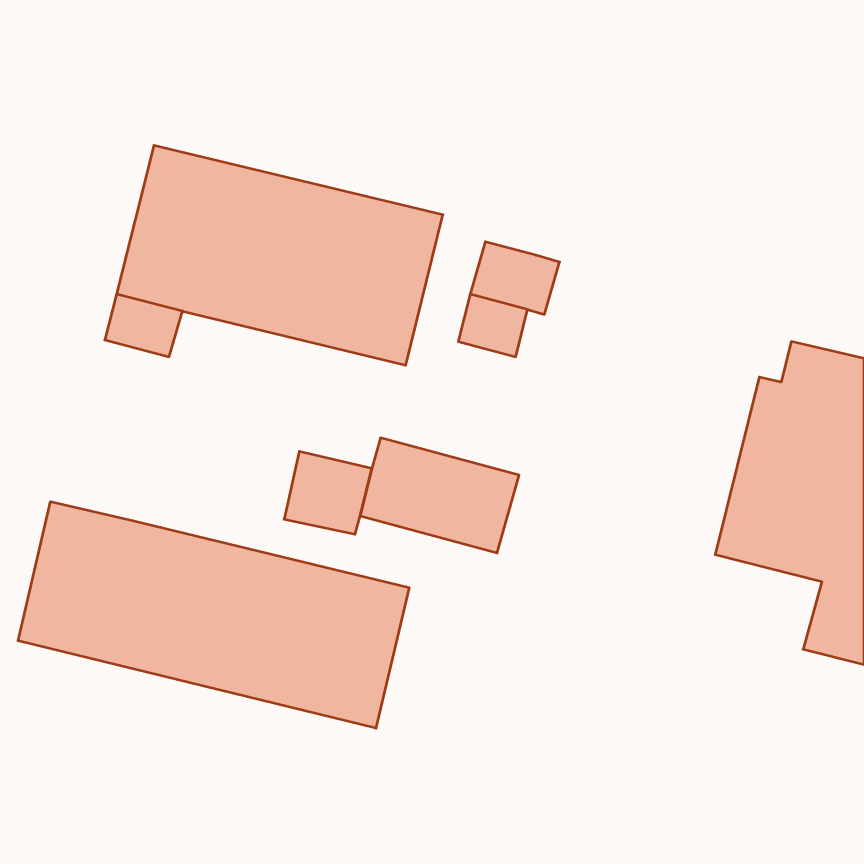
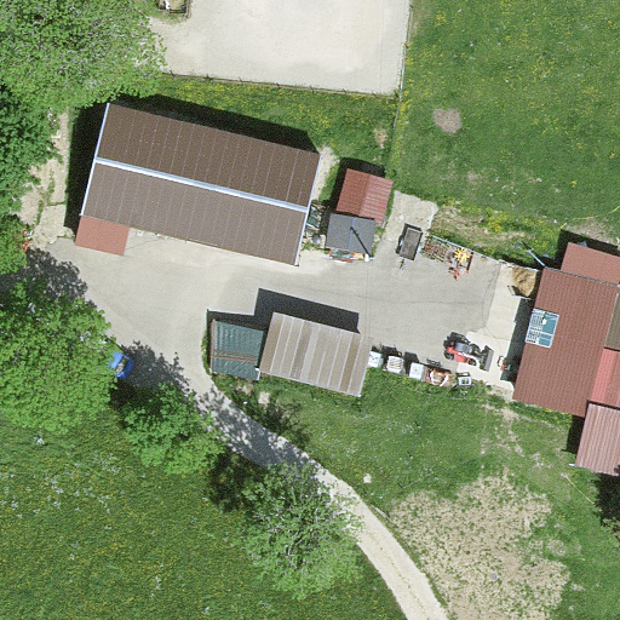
building: [18,502,409,728] -> none

